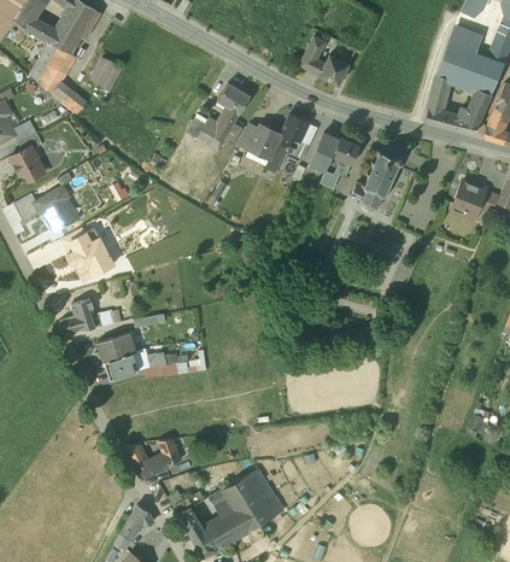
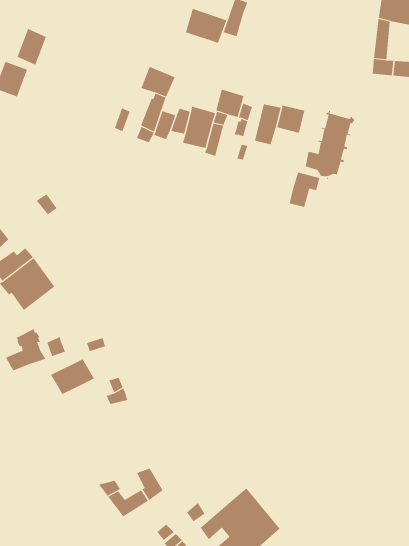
building: none -> [17,28,47,65]
building: [311,49,350,84] -> [185,8,227,44]
building: [321,156,352,188] -> [289,172,320,208]
building: [105,353,136,380] -> none

